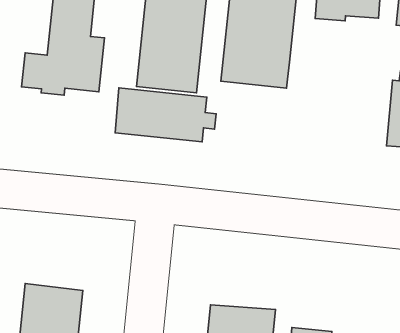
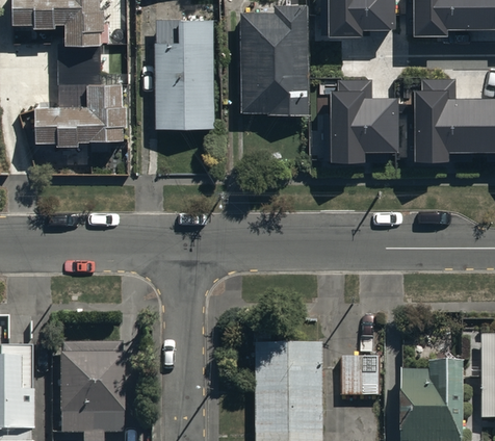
building: none -> [333,82,399,162]
building: [115,88,216,142] -> none

